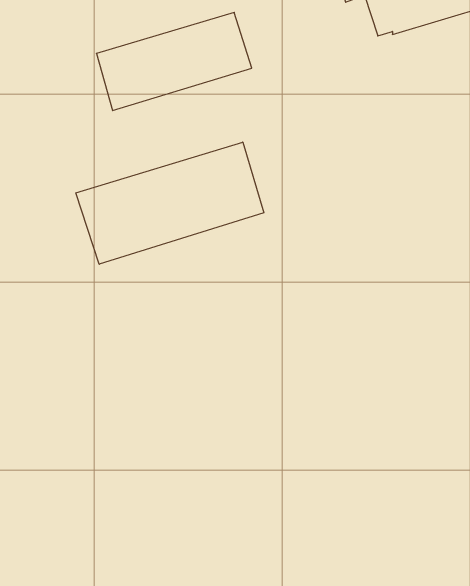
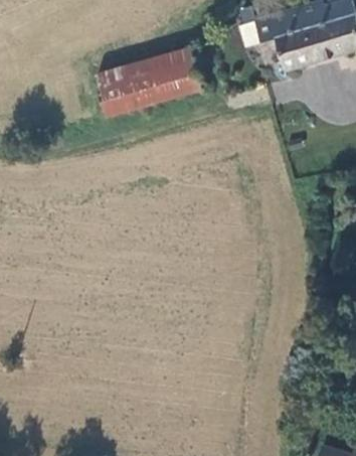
building: [76,142,264,264] -> none

